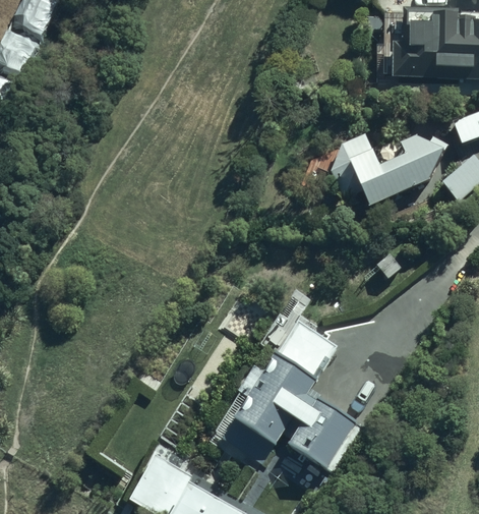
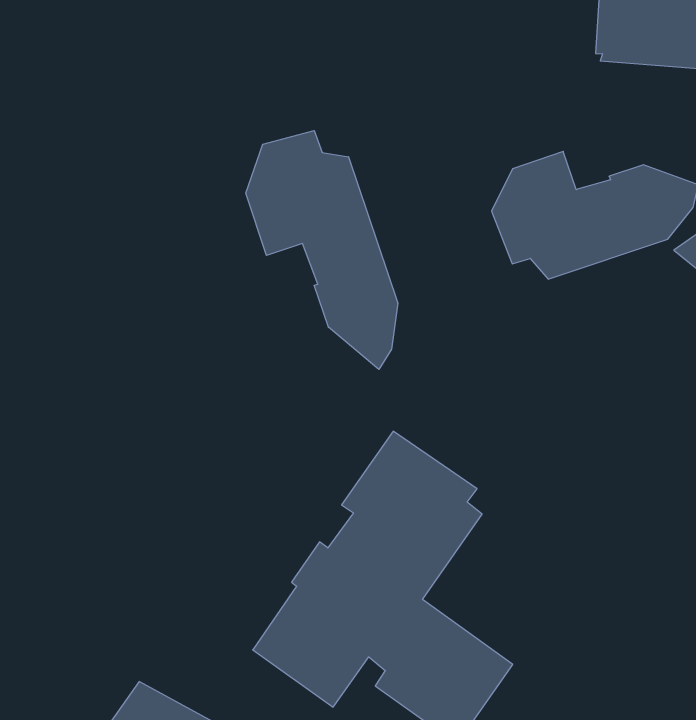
building: none -> [246,131,398,369]

